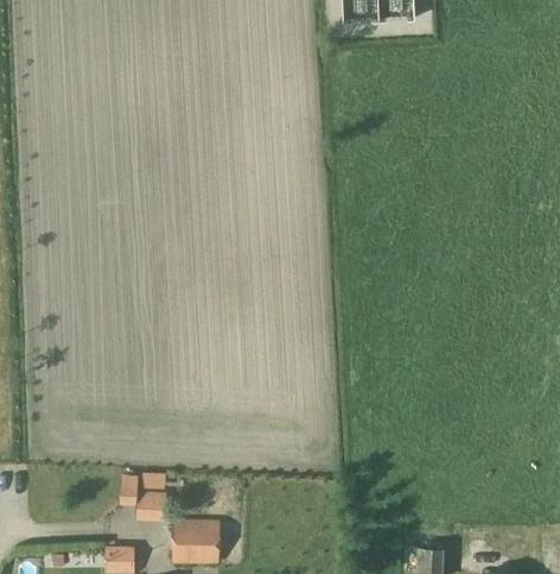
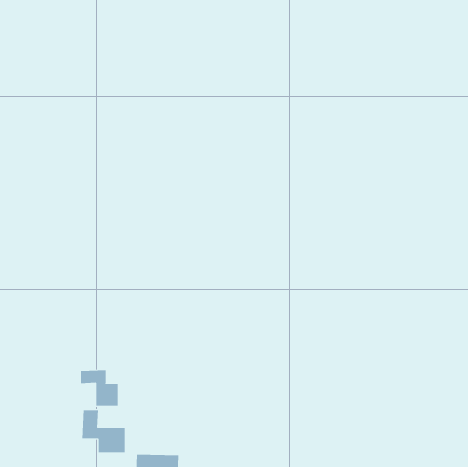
building: none -> [80,370,118,406]

